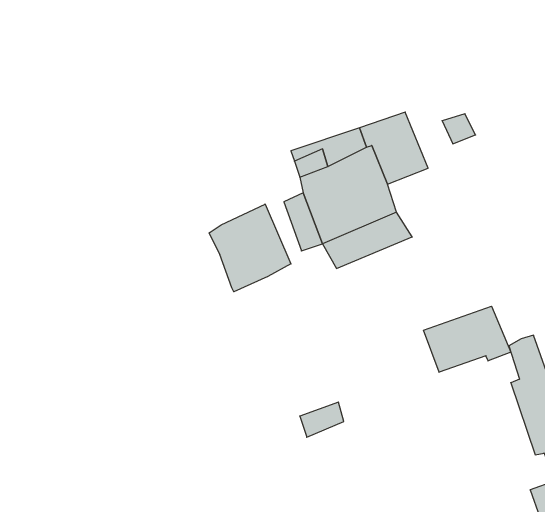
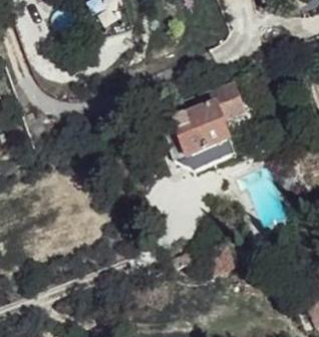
building: [209,204,291,292] -> none
building: [423,306,511,372] -> none

